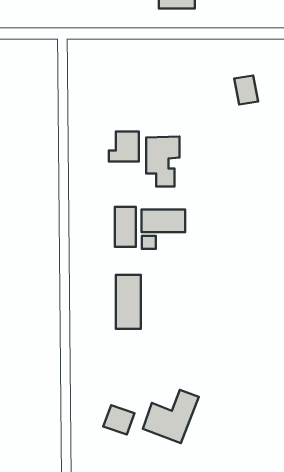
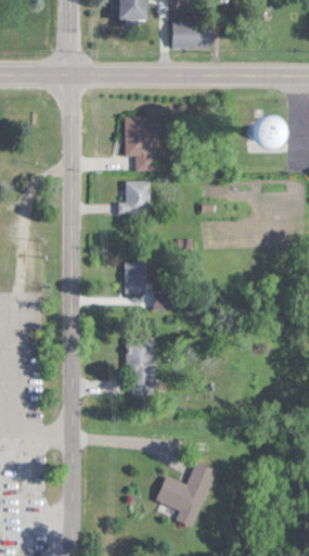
building: [146,137,179,187] -> [125,117,160,172]
building: [142,210,185,232] -> none
building: [103,405,135,434] -> none

